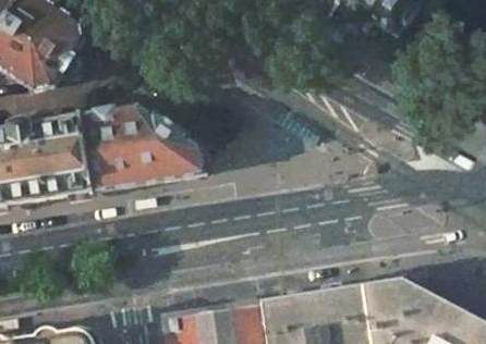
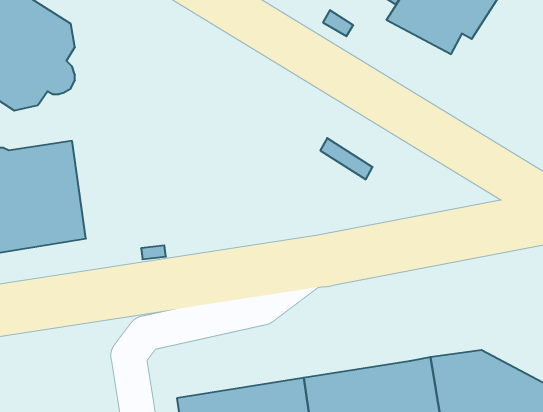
building: [78,105,214,191] -> none

